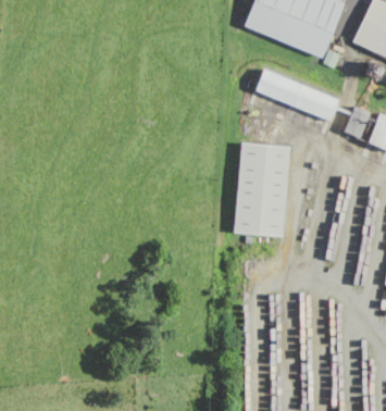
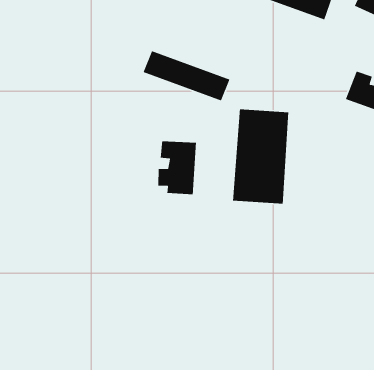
building: [254,70,340,120] -> [142,50,230,101]
building: none -> [157,141,197,195]

